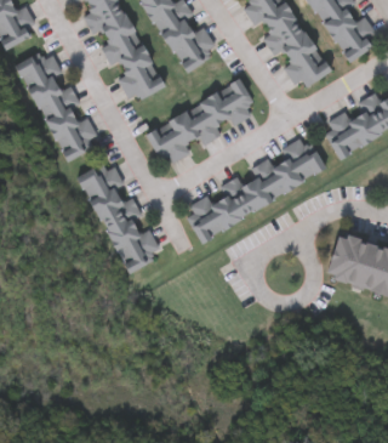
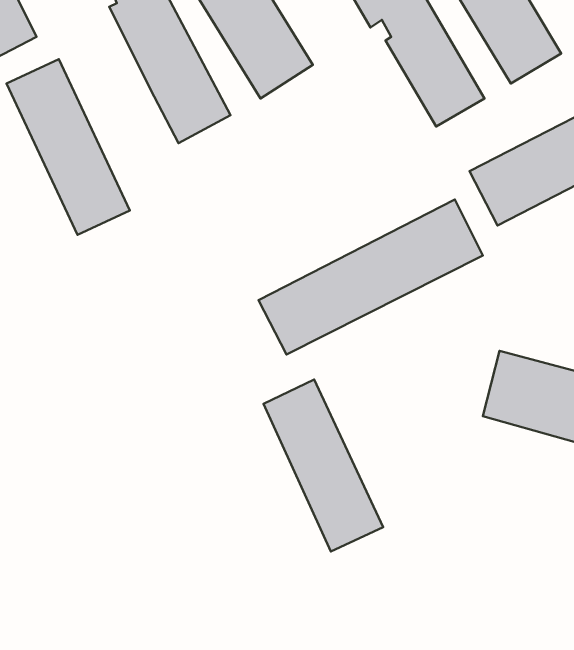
building: [144,81,252,166] -> none
building: [81,159,159,271] -> [264,380,383,552]

